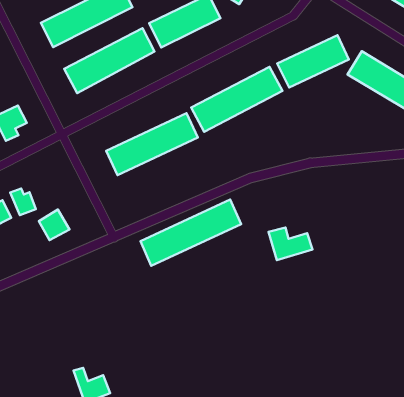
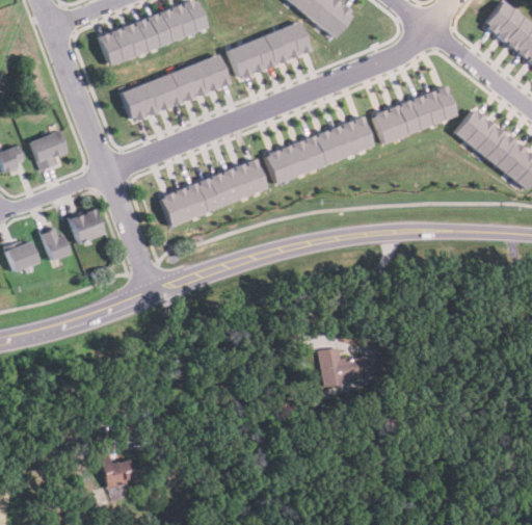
building: [140,199,241,266] -> none
building: [39,210,69,240] -> [69,209,104,244]
building: [269,228,313,260] -> [317,348,367,386]

